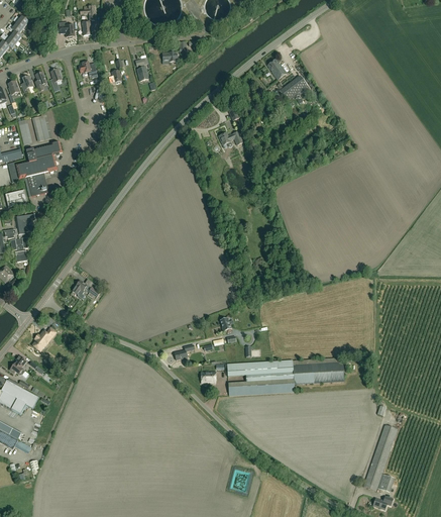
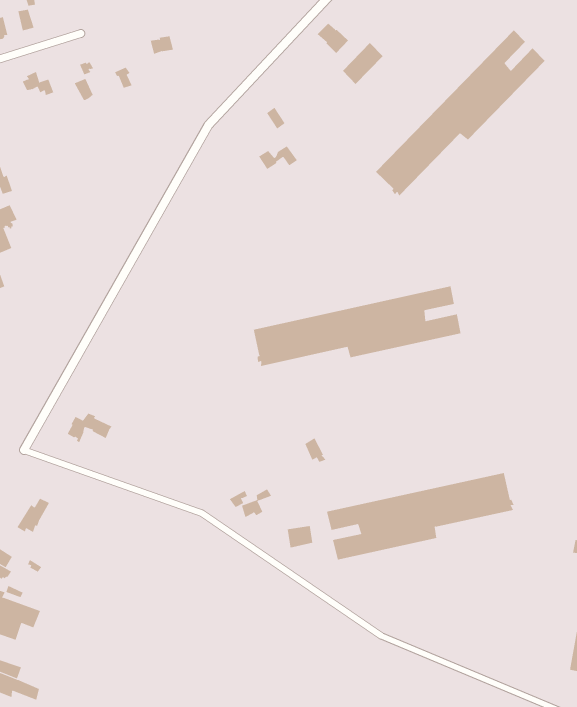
building: none -> [375,30,546,197]
building: none -> [253,286,461,367]

